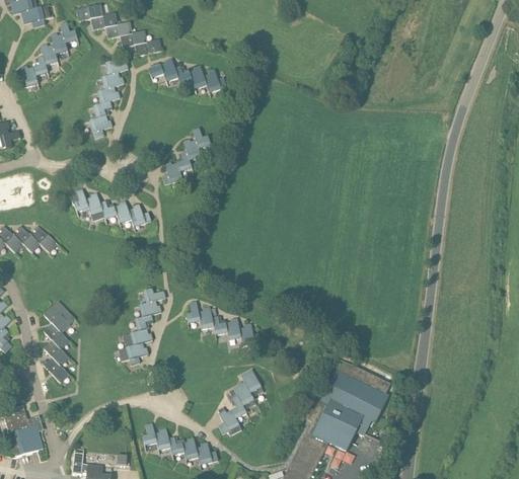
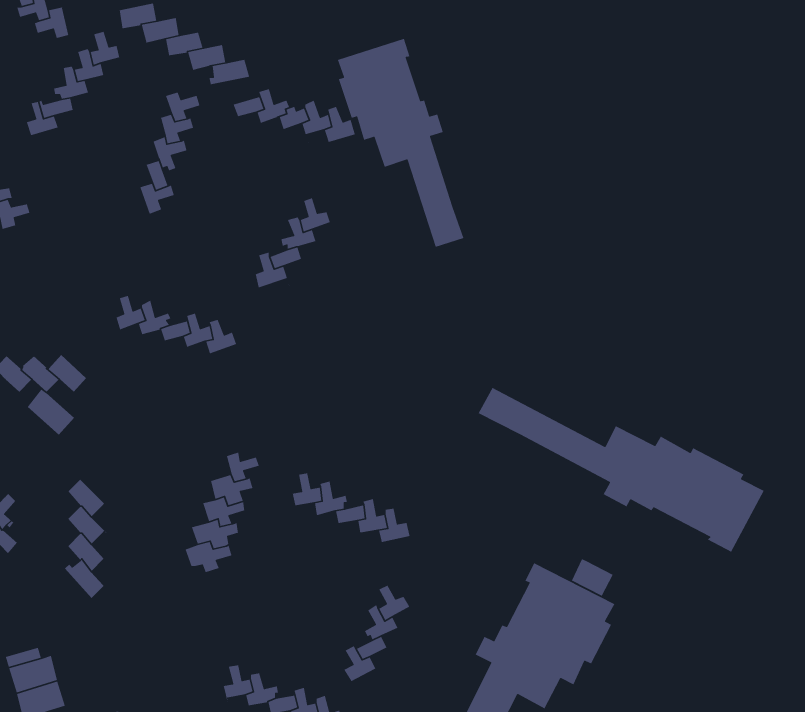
building: none -> [337,38,464,248]
building: none -> [477,387,765,553]
building: none -> [27,388,75,435]
building: none -> [571,558,614,597]

